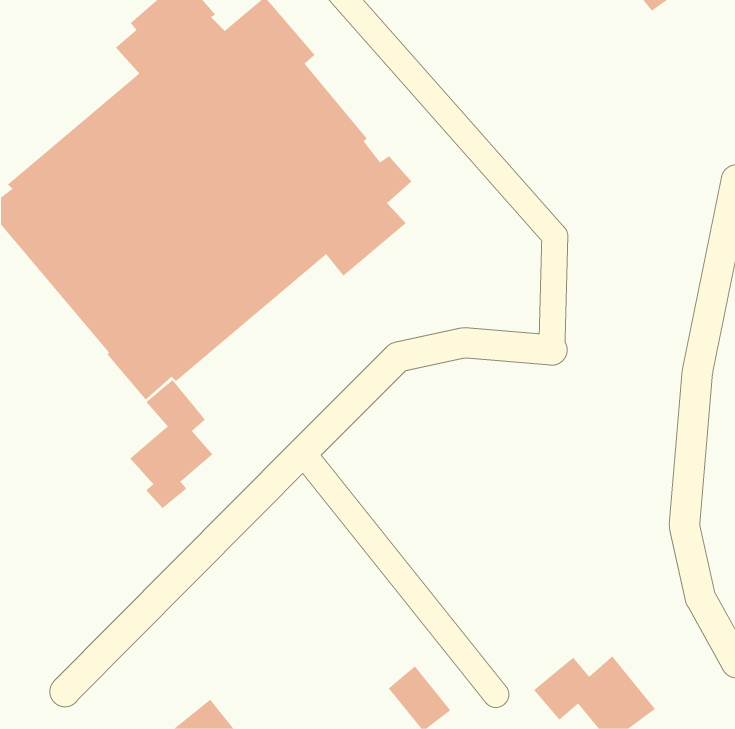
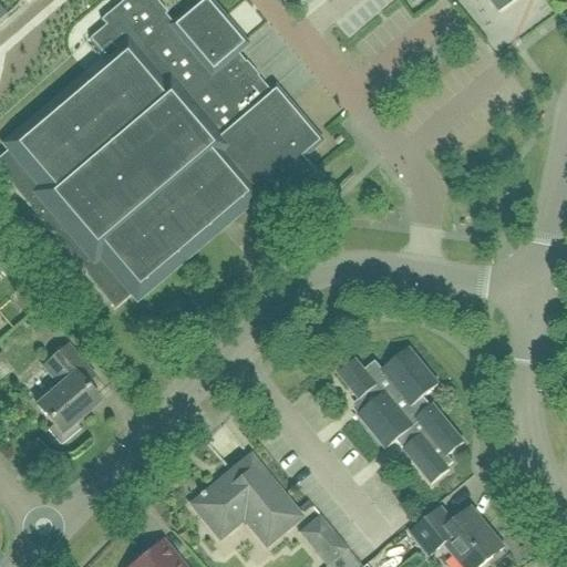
building: [130,379,213,509] -> [34,342,99,442]
building: none -> [339,346,465,482]
building: none -> [192,453,300,544]

